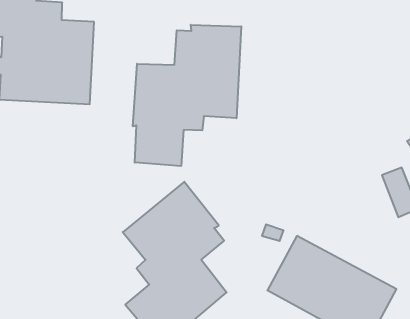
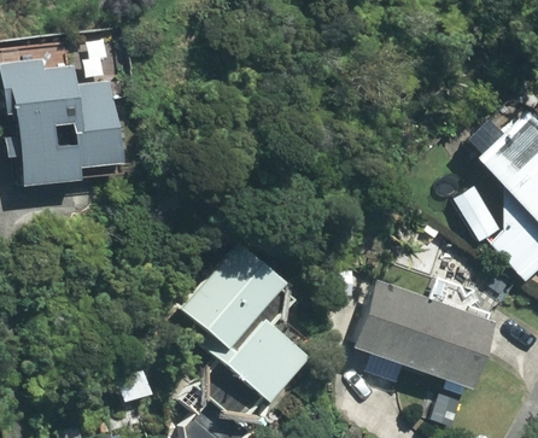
building: [133,25,241,166] -> none

